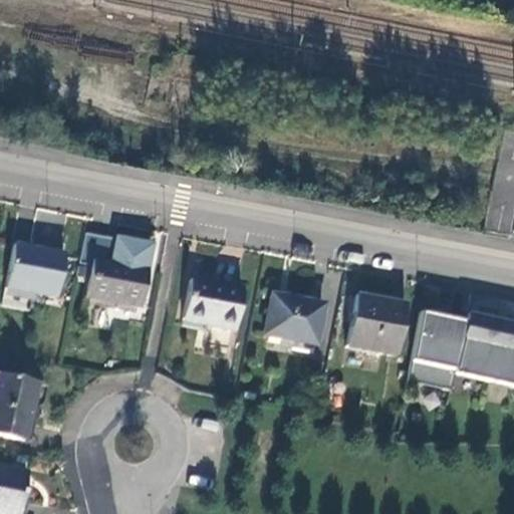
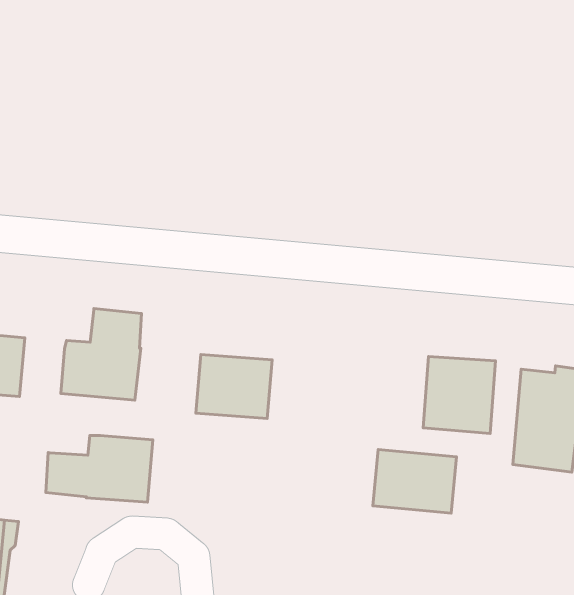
building: [80,231,117,263] -> none
building: [263,292,327,343] -> [373,450,456,513]
building: none -> [46,435,153,502]

